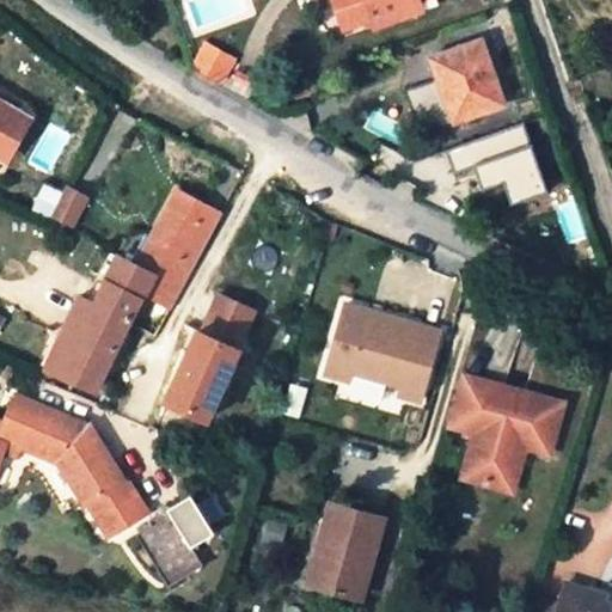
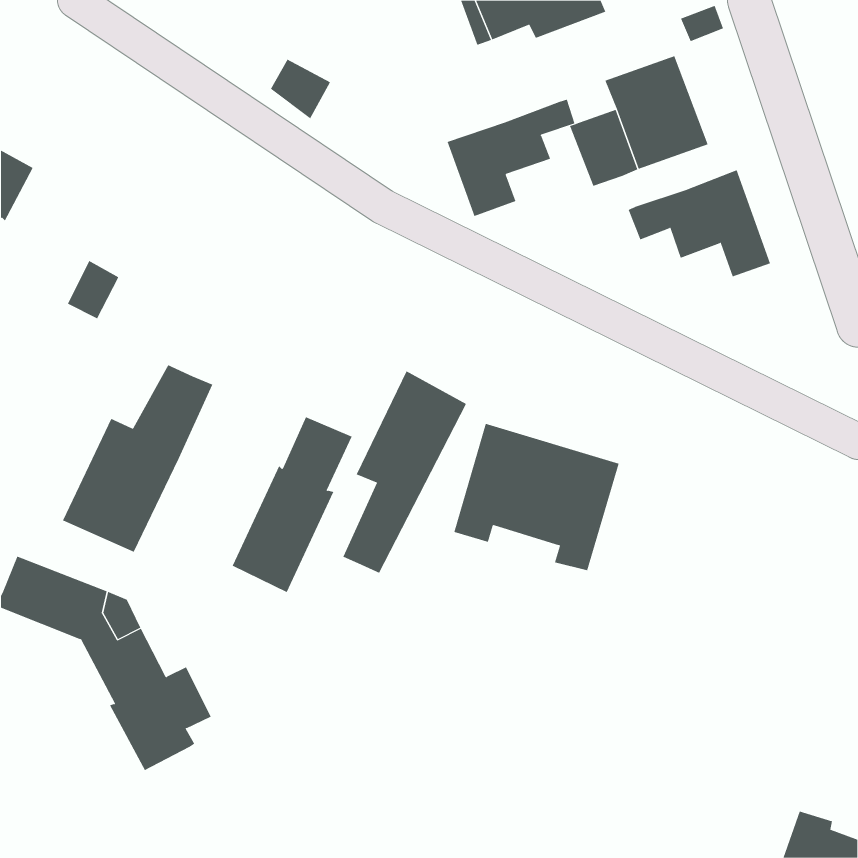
building: none -> [447,99,575,217]
building: [128,194,216,338] -> [342,370,467,574]
building: [451,371,562,484] -> none
building: [135,498,207,583] -> none
building: [300,498,384,596] -> none

